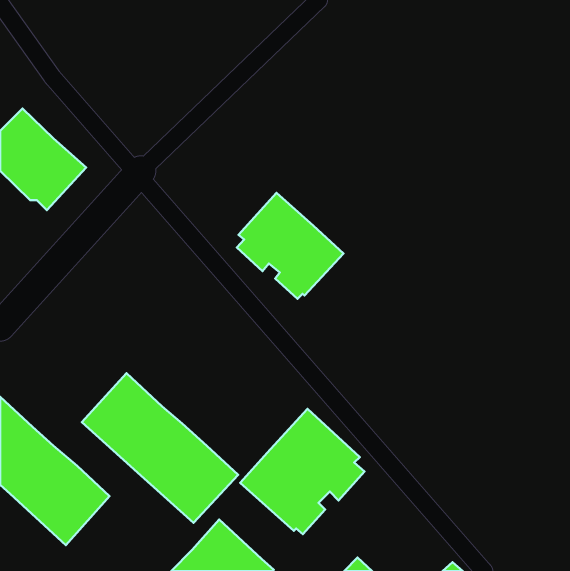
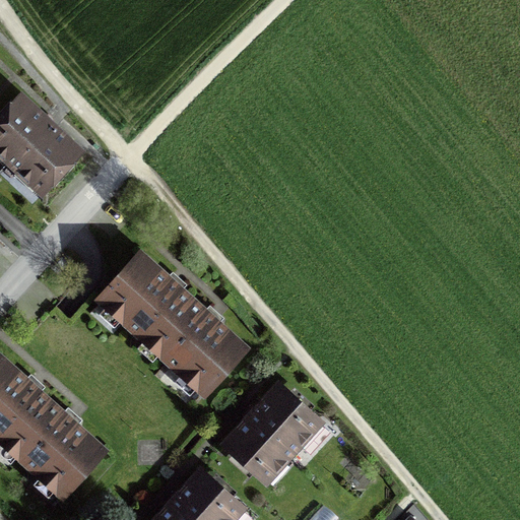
building: [237,193,344,299] -> none
building: [82,373,238,523] -> [101,257,243,393]

